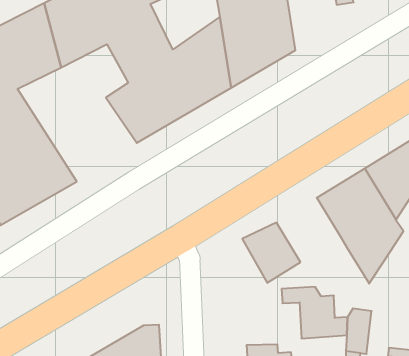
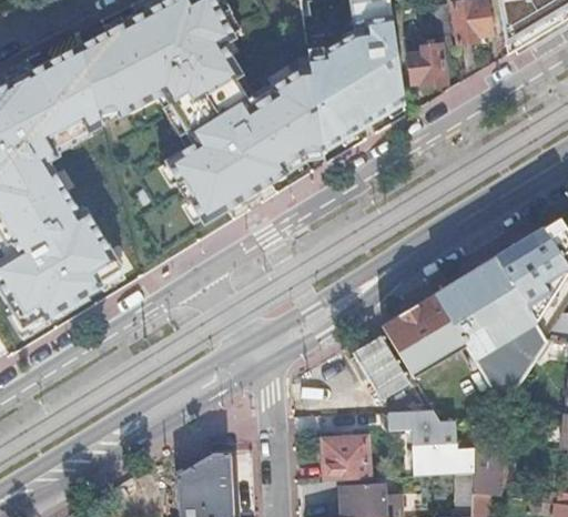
building: none -> [410,43,448,87]
building: none -> [382,294,465,377]
building: none -> [323,437,369,480]

